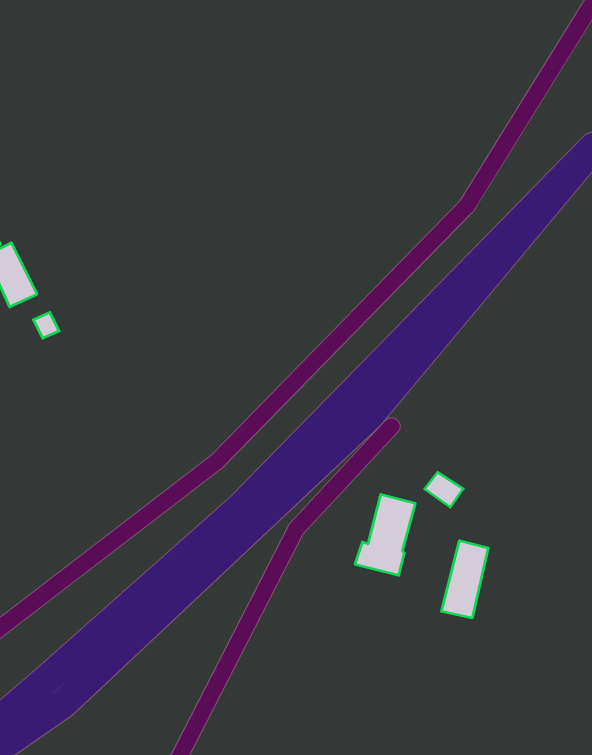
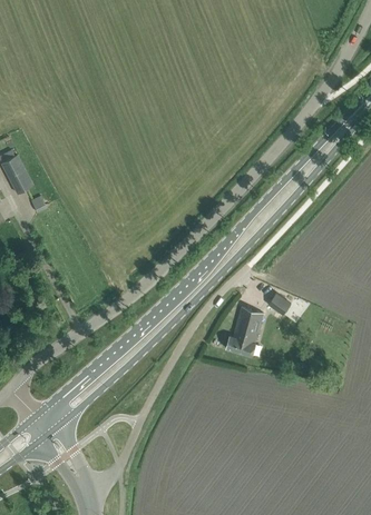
building: [442,541,488,618] -> none

